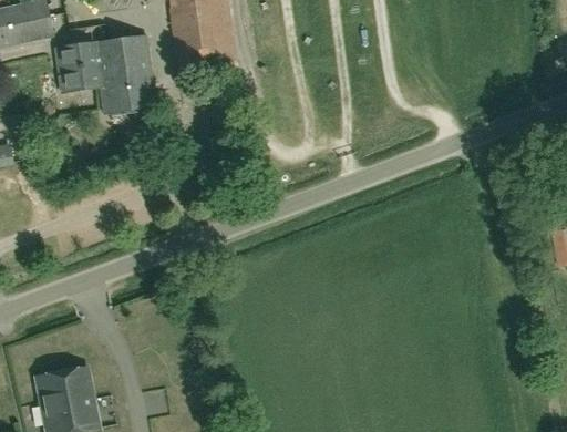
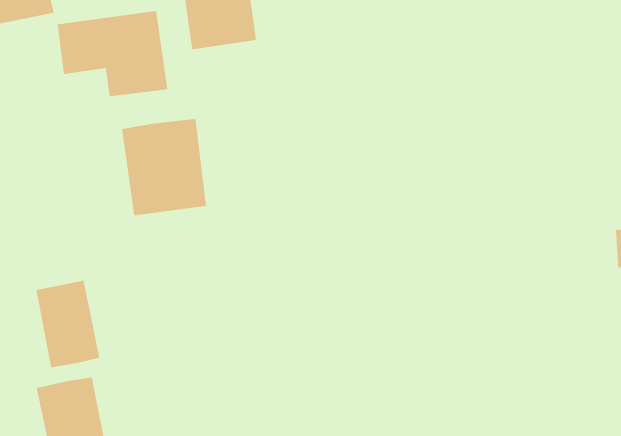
building: none -> [122,118,207,216]
building: none -> [36,280,100,368]

